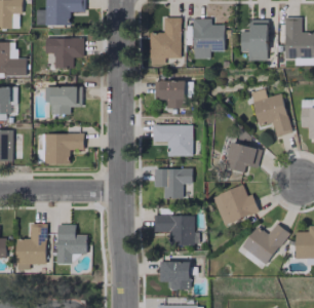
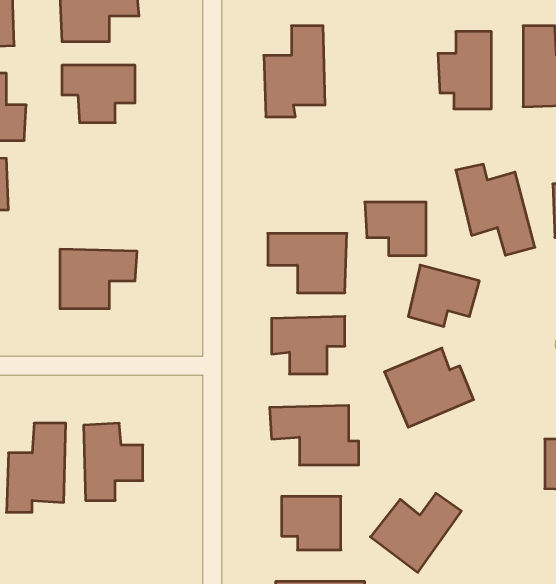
building: [193,18,225,59] -> none
building: [154,81,186,109] -> [365,202,426,255]
building: [44,86,82,115] -> none
building: [242,224,289,265] -> [370,493,461,572]

